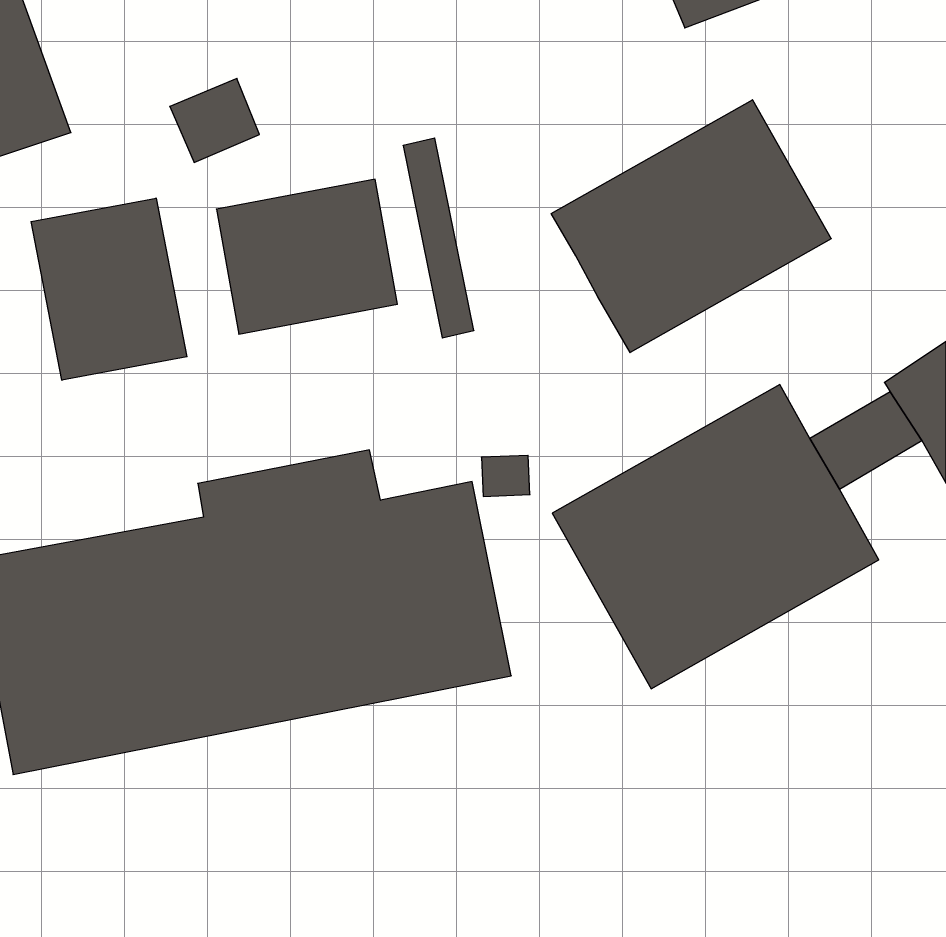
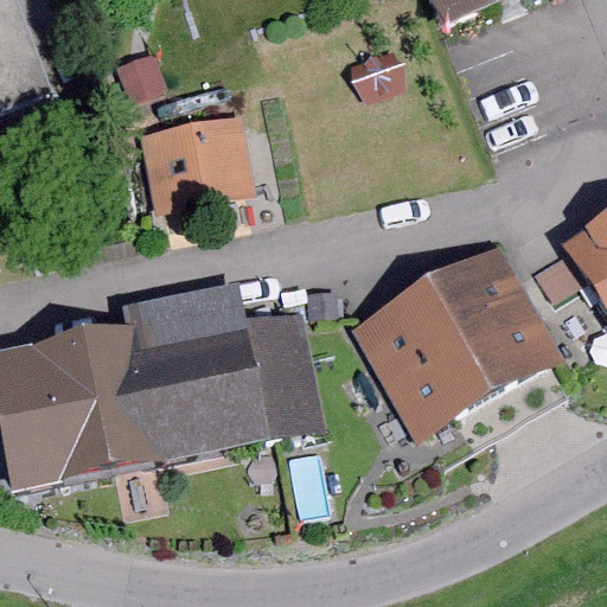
building: [551,100,831,353] -> none
building: [31,198,187,380] -> none

